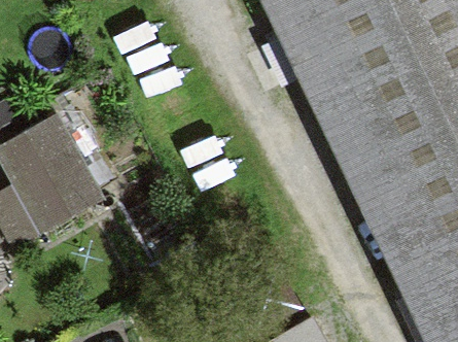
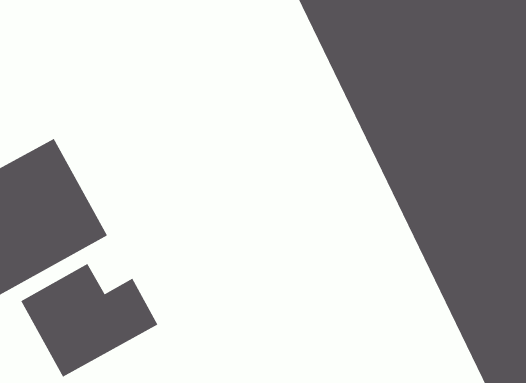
building: none -> [20,263,158,377]

